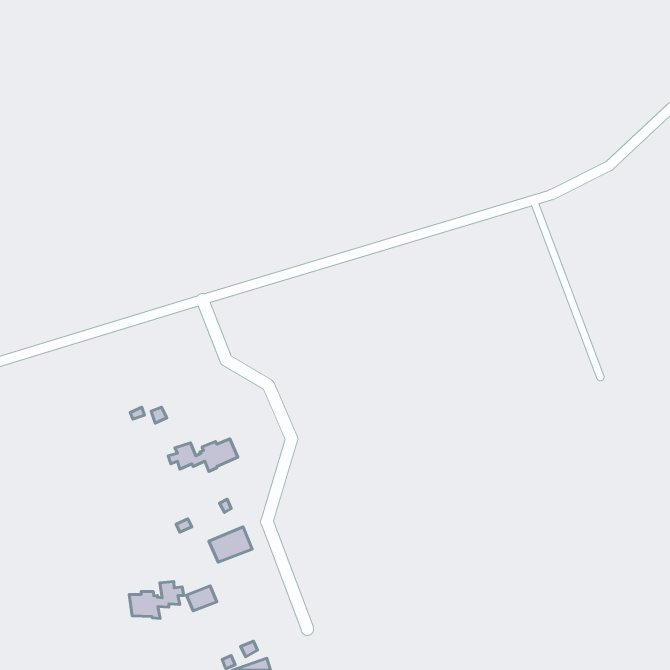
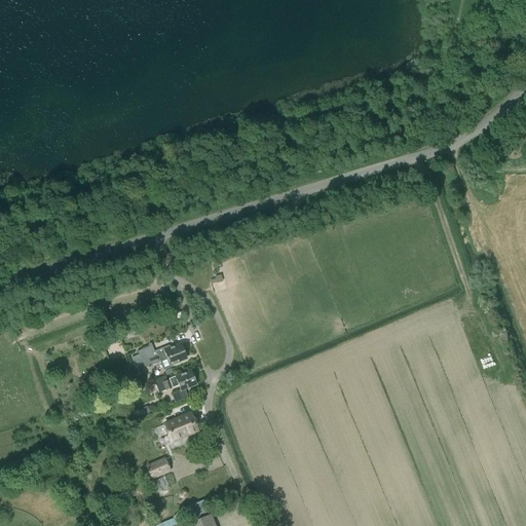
building: none -> [154,370,198,392]
building: [129,582,184,619] -> none

